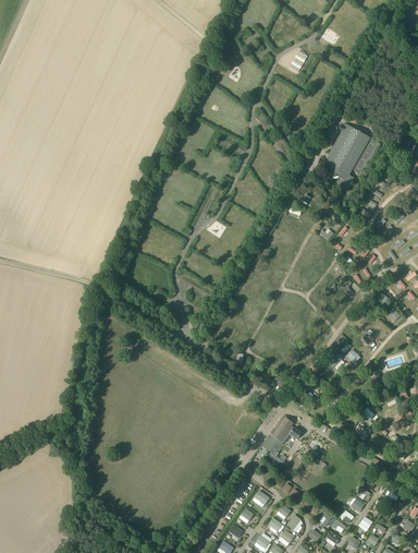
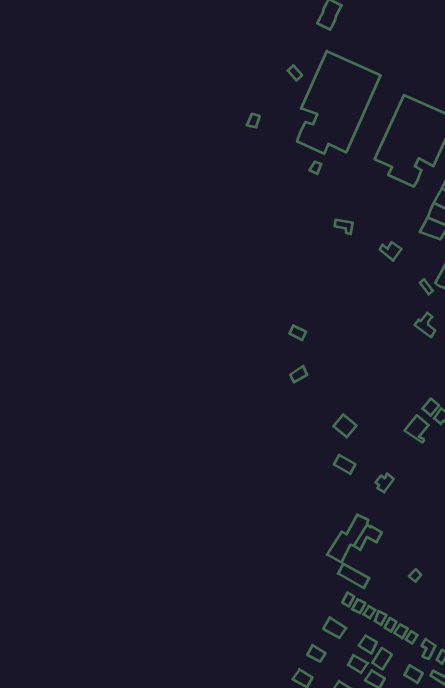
building: none -> [297,51,380,154]

